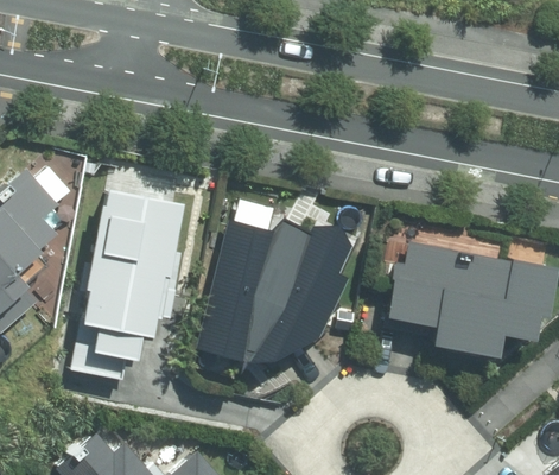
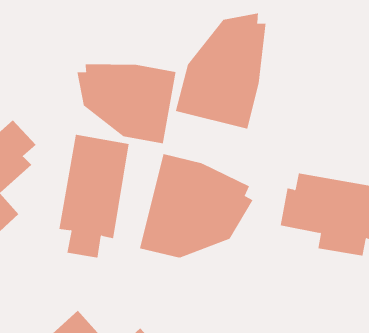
building: none -> [175,13,266,130]
building: none -> [77,63,176,144]

